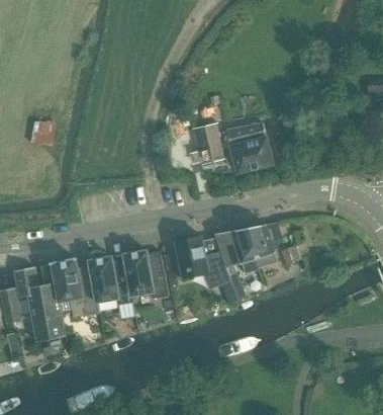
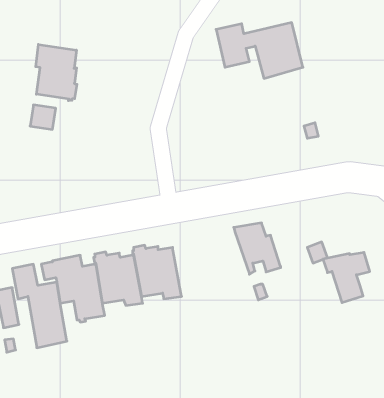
building: none -> [36,44,77,101]
building: [194,122,273,173] -> [216,23,303,78]
building: [241,223,283,268] -> [323,252,370,303]
building: [175,236,230,288] -> none

